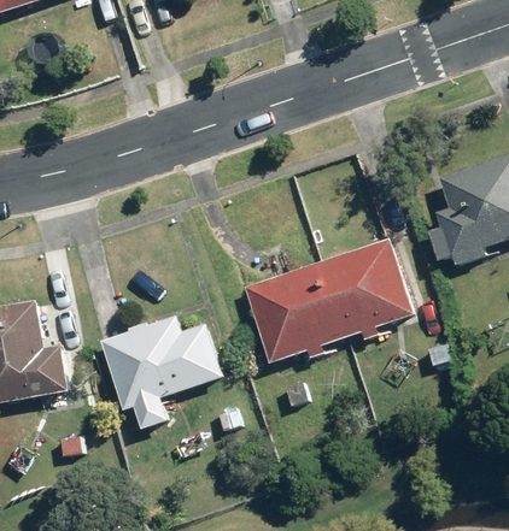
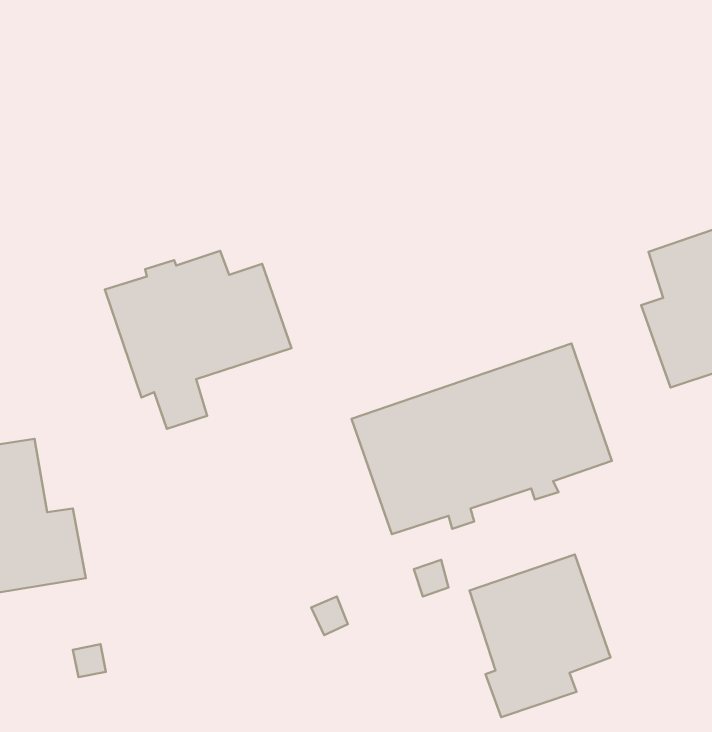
building: [100,314,223,431] -> [105,251,292,429]
building: none -> [470,555,610,717]

